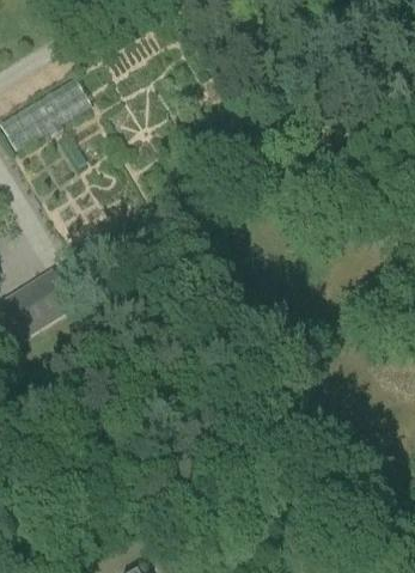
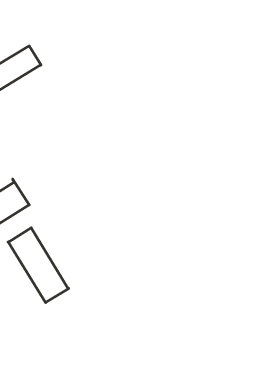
building: none -> [8,228,69,303]

